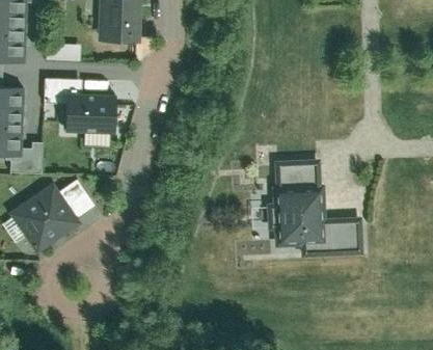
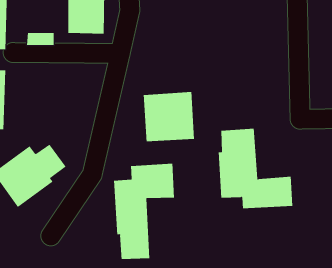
building: [44,79,117,134] -> none
building: none -> [143,91,195,142]
building: none -> [114,163,175,260]

